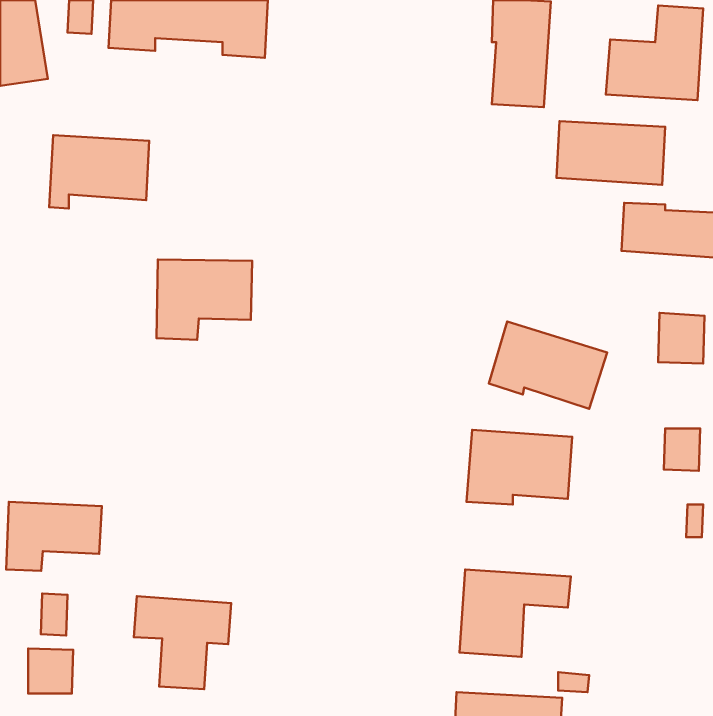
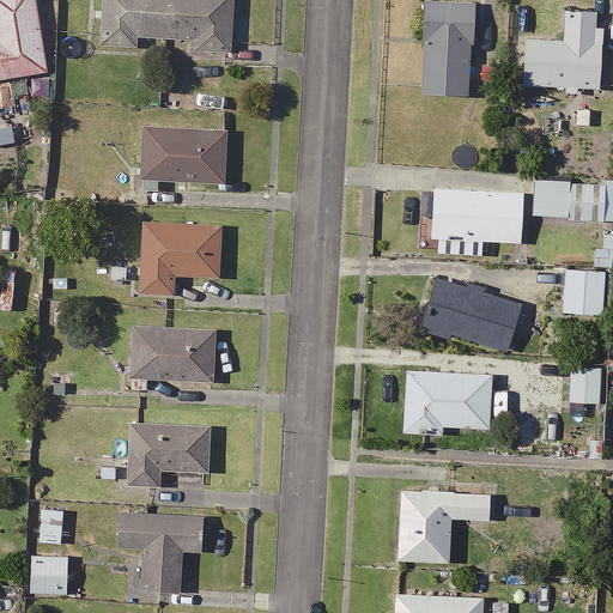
building: [557,121,665,185] -> [431,189,523,243]
building: [49,135,149,209] -> [141,128,226,190]
building: none -> [133,327,216,389]
building: [6,502,102,571] -> [129,426,211,485]

